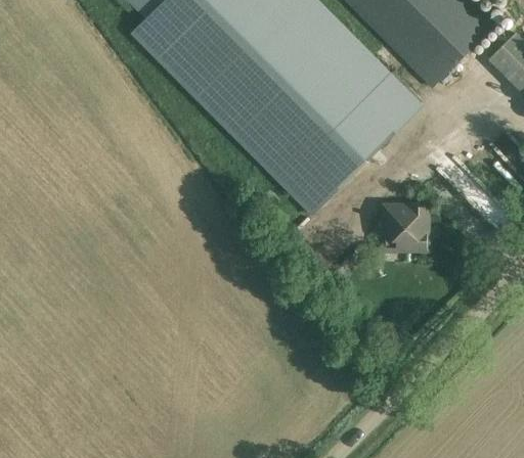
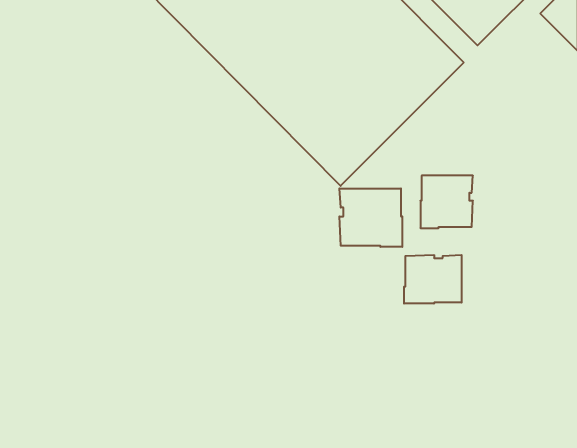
building: none -> [339,188,402,247]
building: none -> [404,255,462,304]

